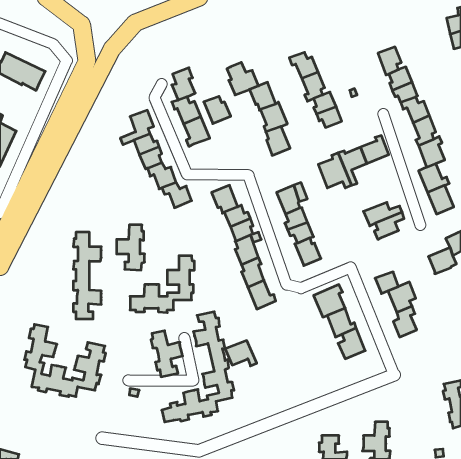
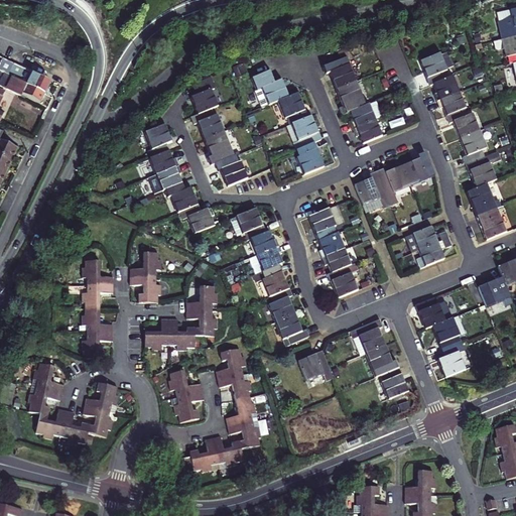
building: [204,96,231,124] -> [217,154,247,184]
building: [225,341,257,366] -> [297,351,333,379]

